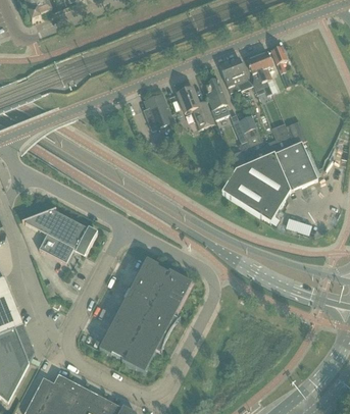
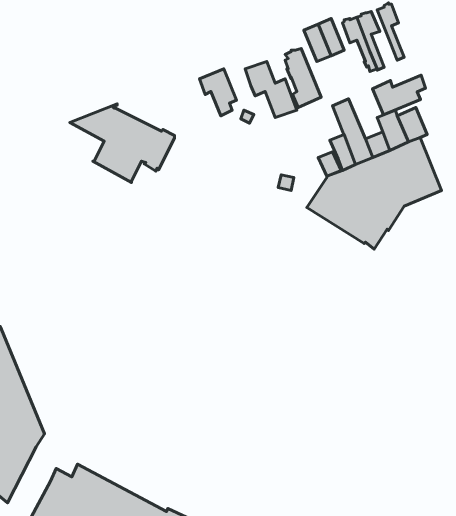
building: none -> [373,75,426,115]
building: [21,207,96,263] -> [70,104,174,183]
building: [98,258,191,372] -> none

